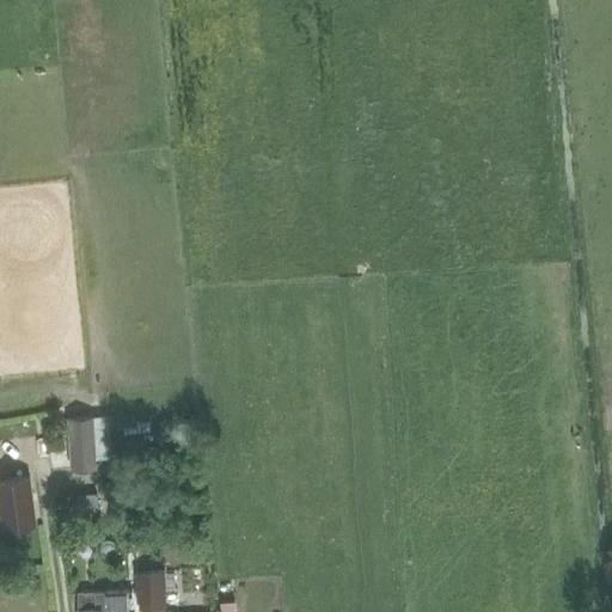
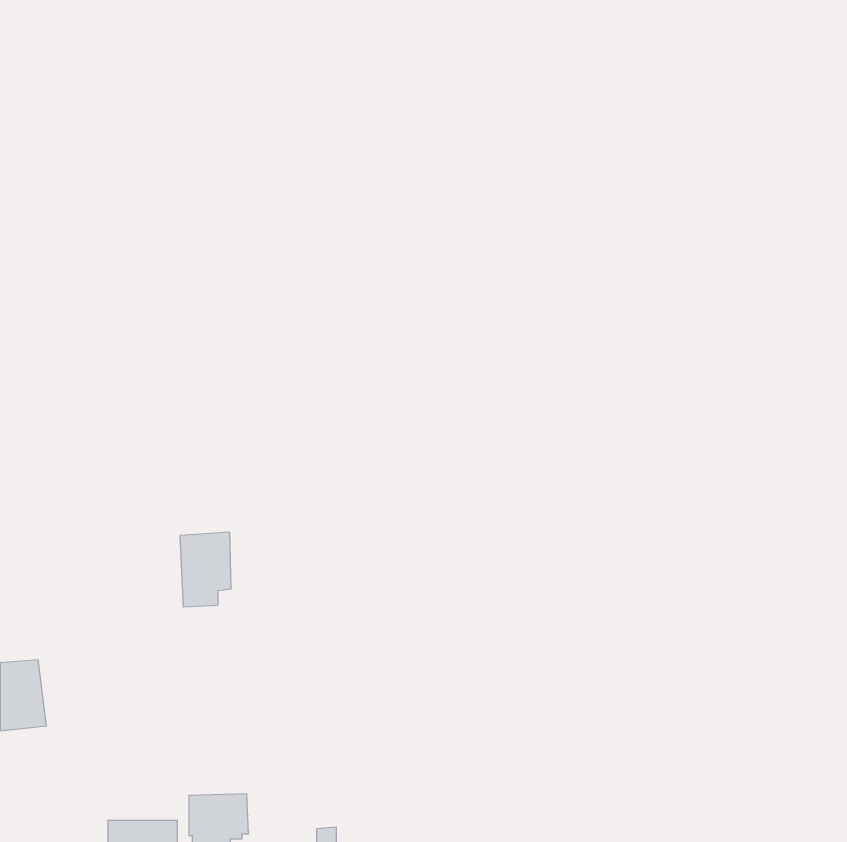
building: [67,420,104,473] -> [180,532,231,607]

